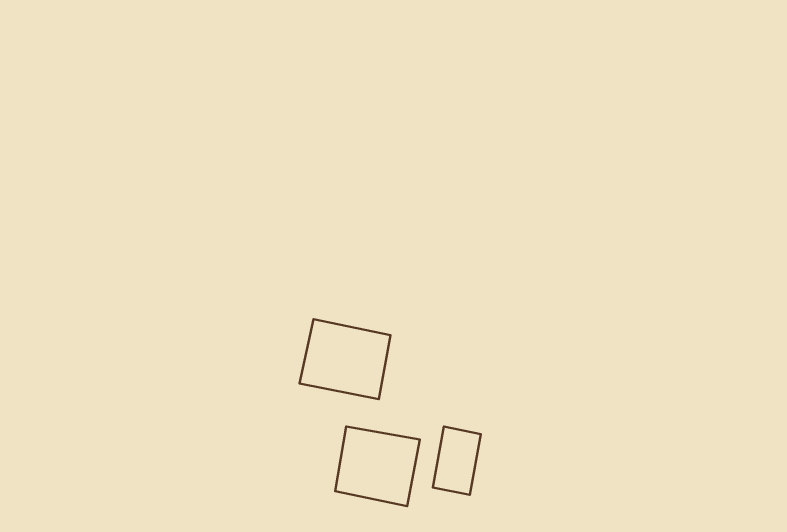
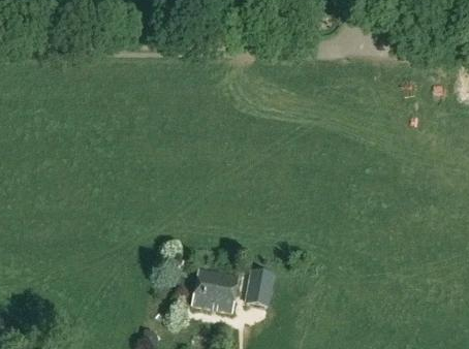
building: [299,319,390,399] -> none

